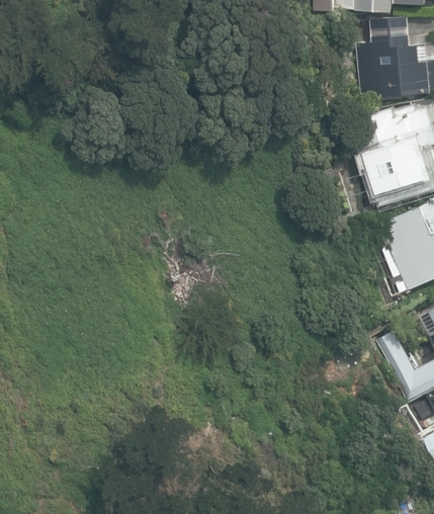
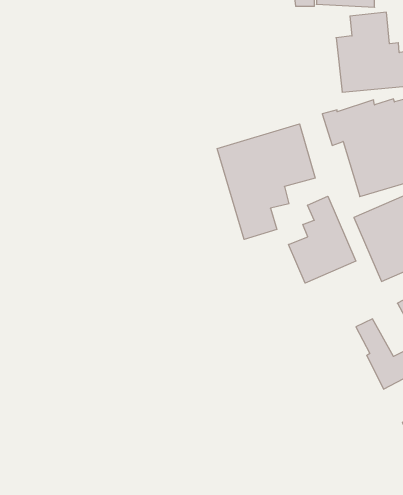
building: none -> [217,124,315,239]
building: none -> [289,196,356,283]

